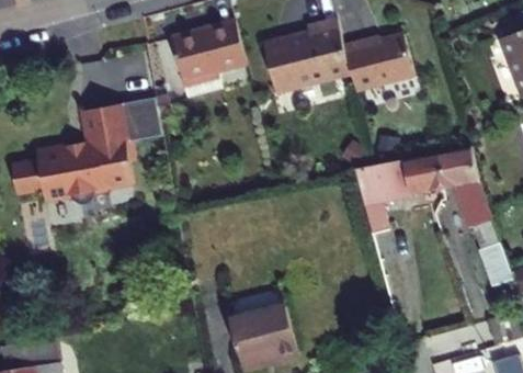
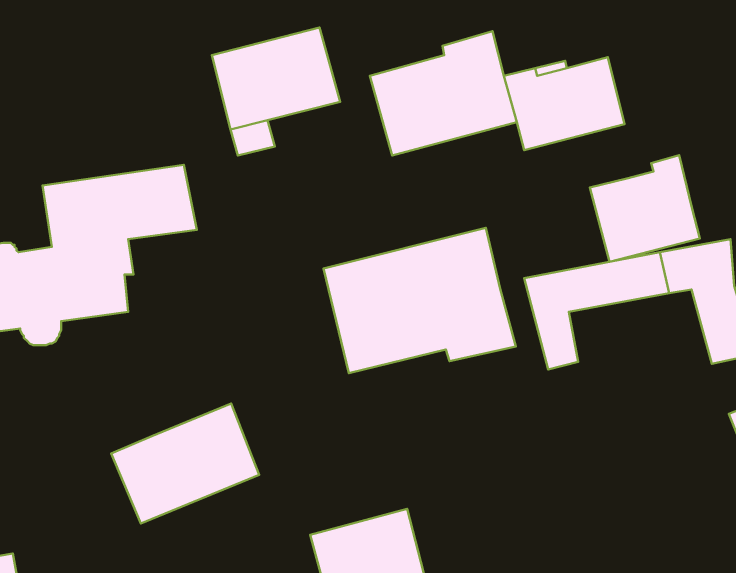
building: none -> [590,155,700,262]
building: none -> [324,228,516,373]
building: none -> [111,403,259,523]

